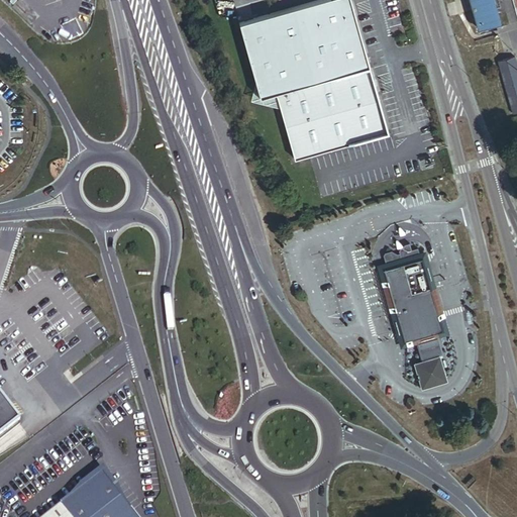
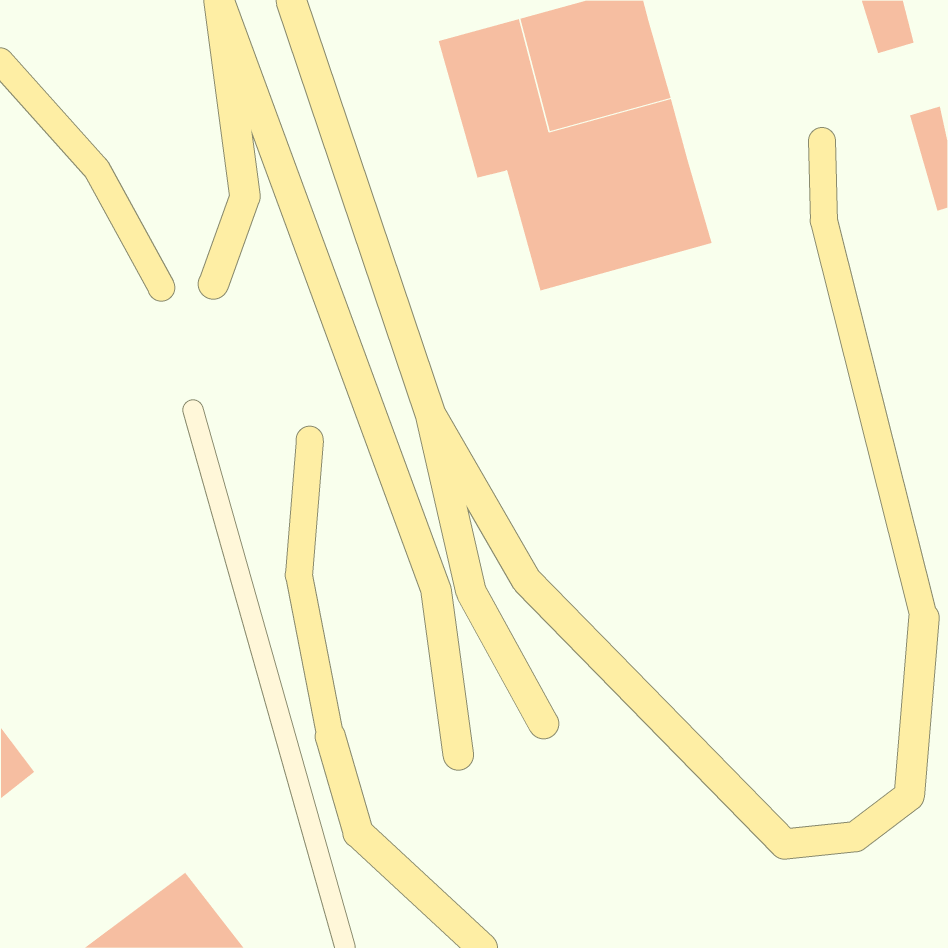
building: [383,247,446,387] -> none

